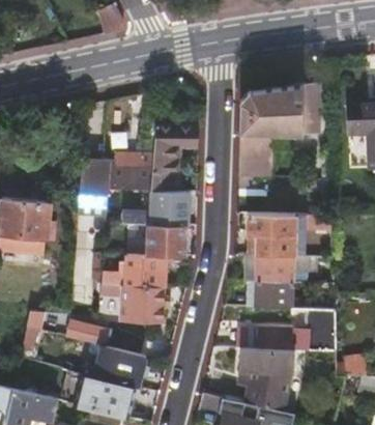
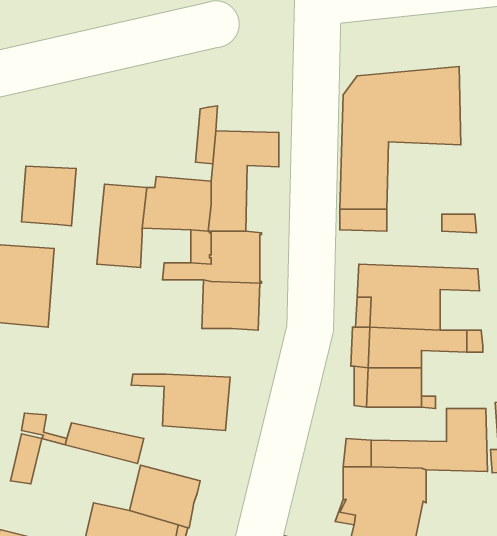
building: none -> [21,166,76,226]
building: [123,254,195,287] -> none

